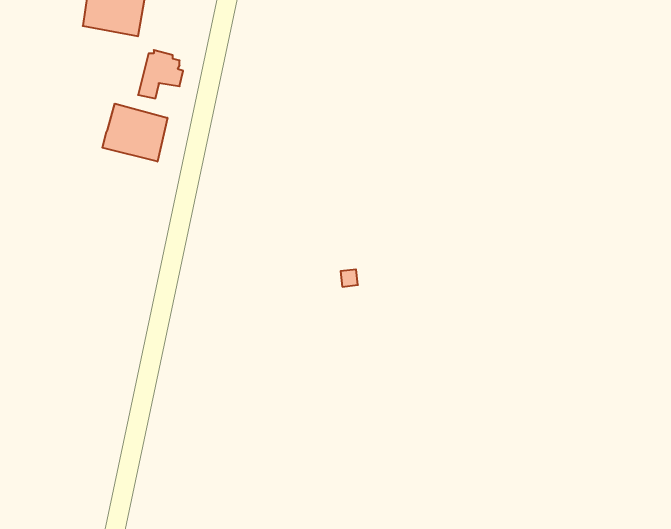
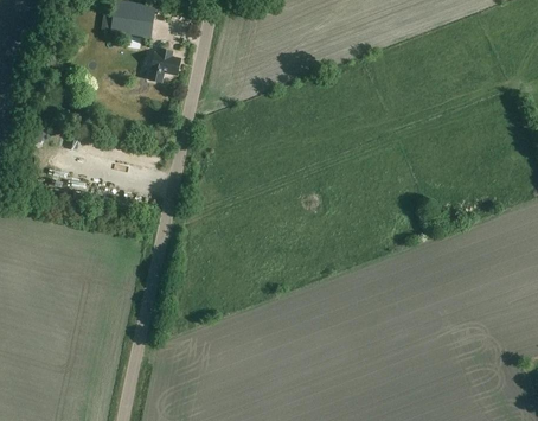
building: [102,104,167,162] -> none

